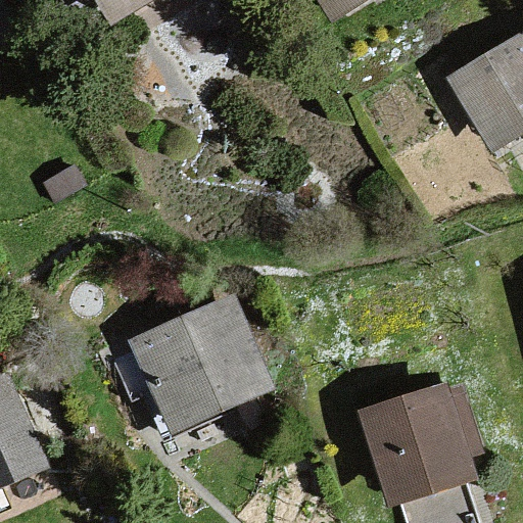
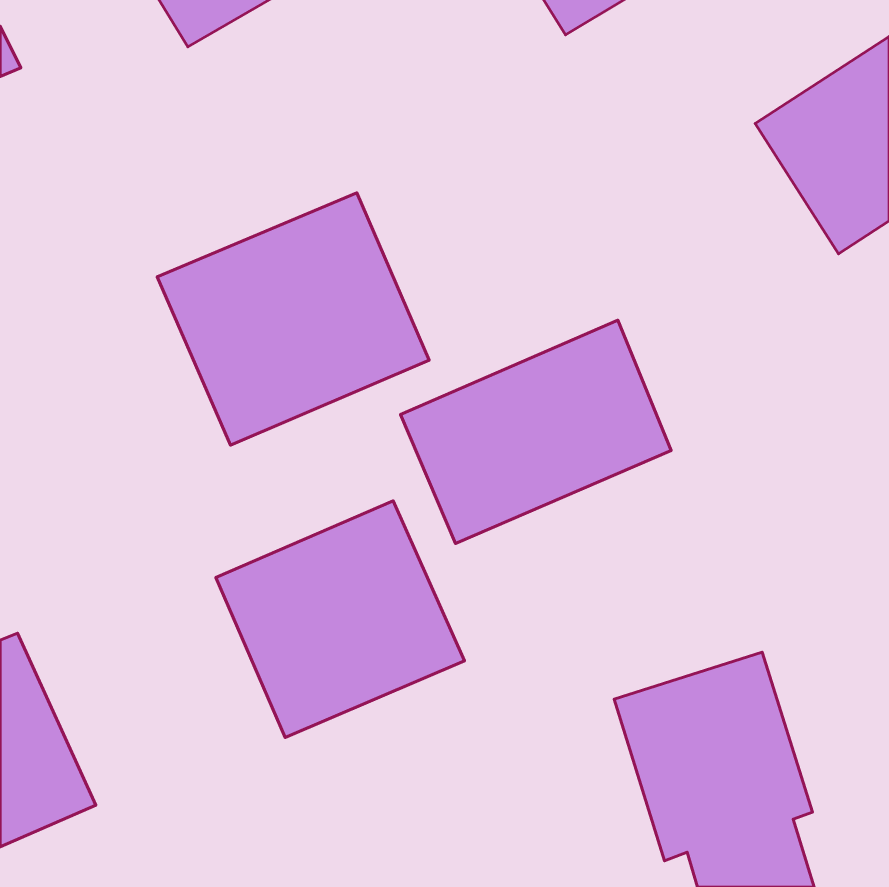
building: none -> [157,193,429,445]
building: none -> [401,320,671,544]

